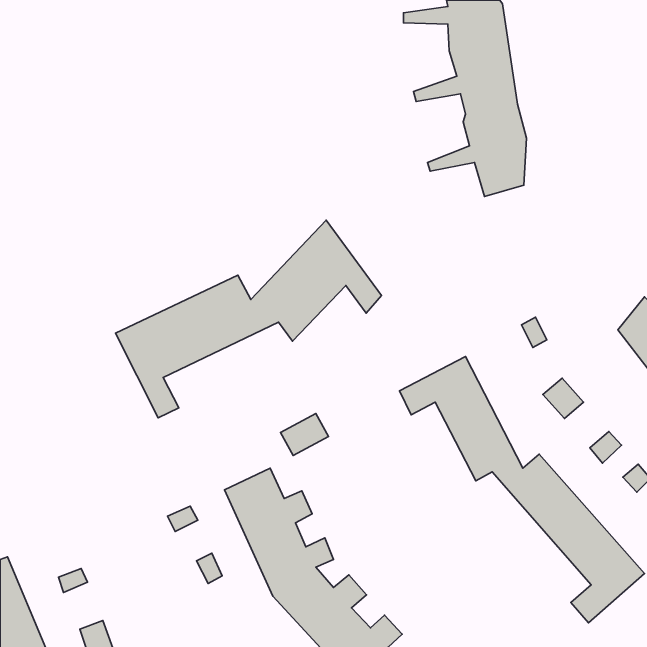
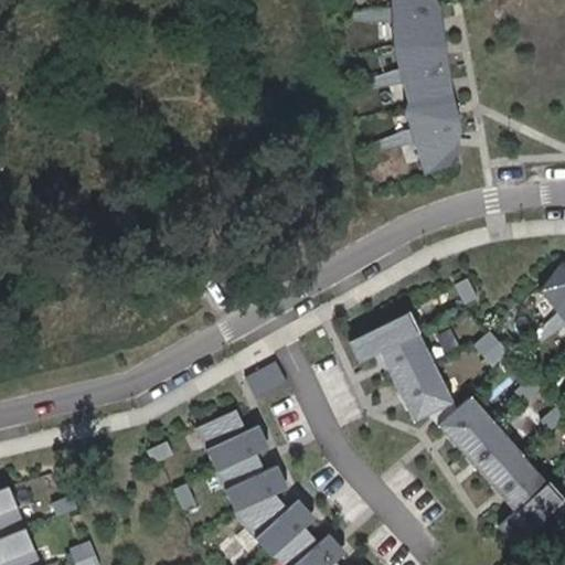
building: [115,220,382,418] -> none

